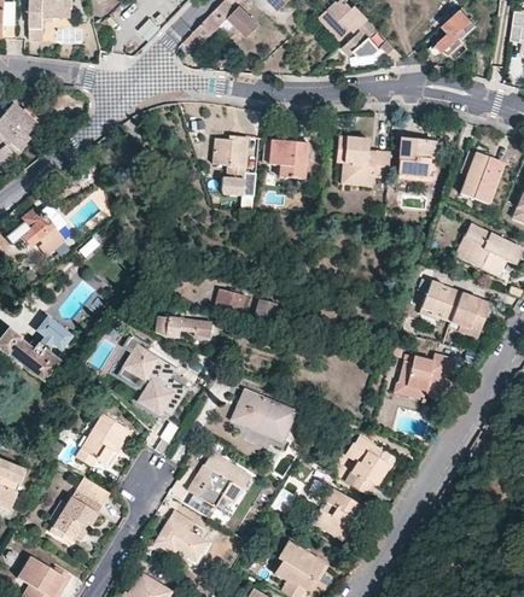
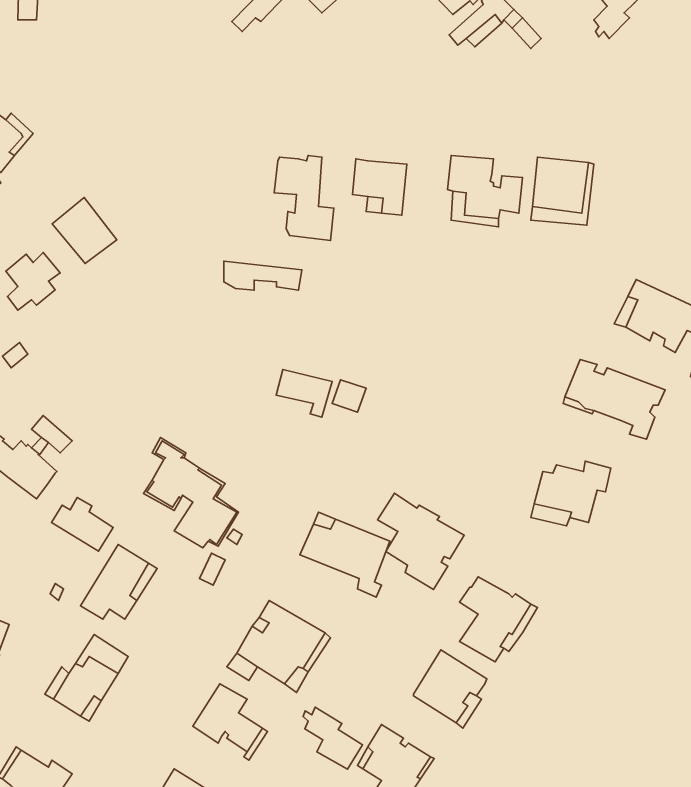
building: [459,152,502,203] -> none
building: none -> [52,198,117,264]
building: [156,316,211,336] -> [224,261,302,290]
building: none -> [378,493,464,590]
building: none -> [52,497,113,551]
building: none -> [303,707,363,769]

